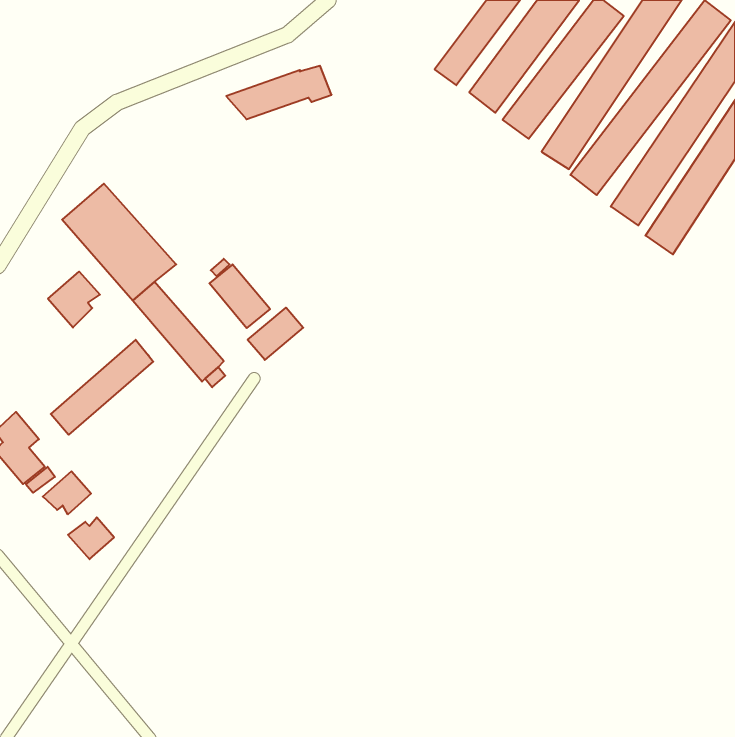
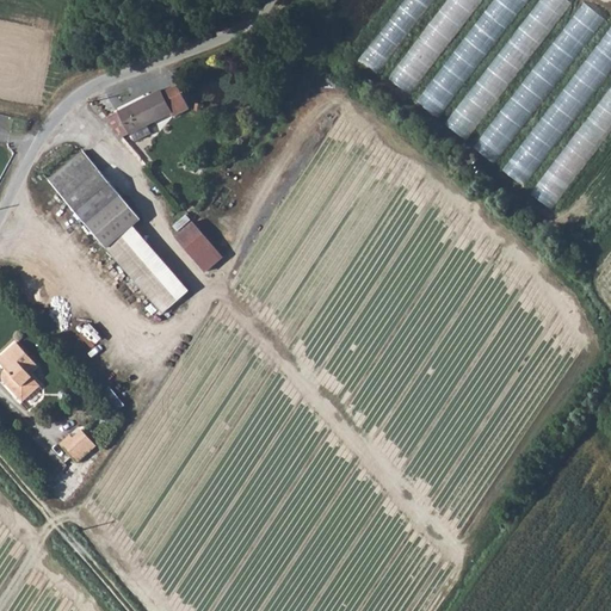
building: [226,66,332,119] -> [101,86,189,130]
building: [48,272,100,328] -> none
building: [248,308,303,360] -> none
building: [51,340,153,435] -> none
building: [43,471,91,514] -> none

